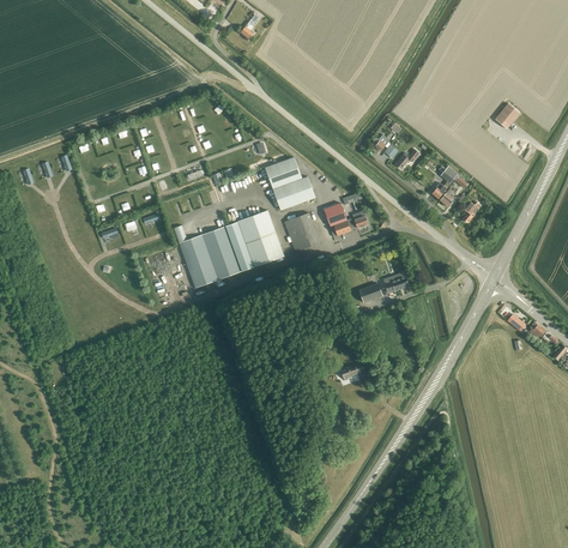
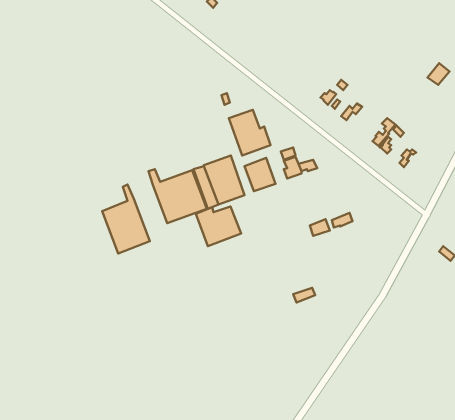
building: none -> [102,185,150,254]
building: none -> [196,206,241,246]

